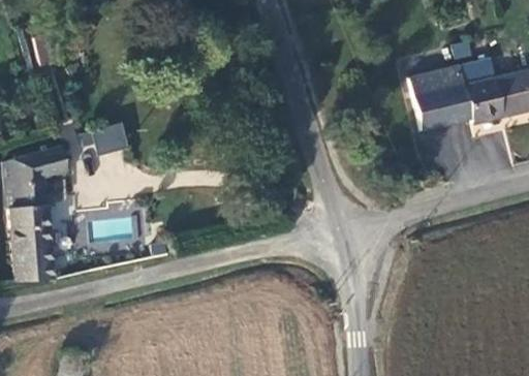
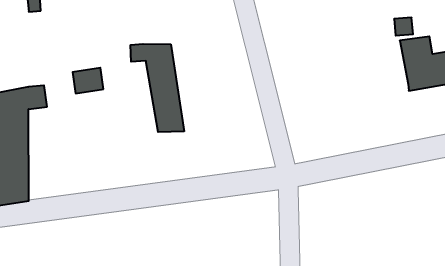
building: [406,66,470,128] -> none
building: none -> [131,44,184,132]

